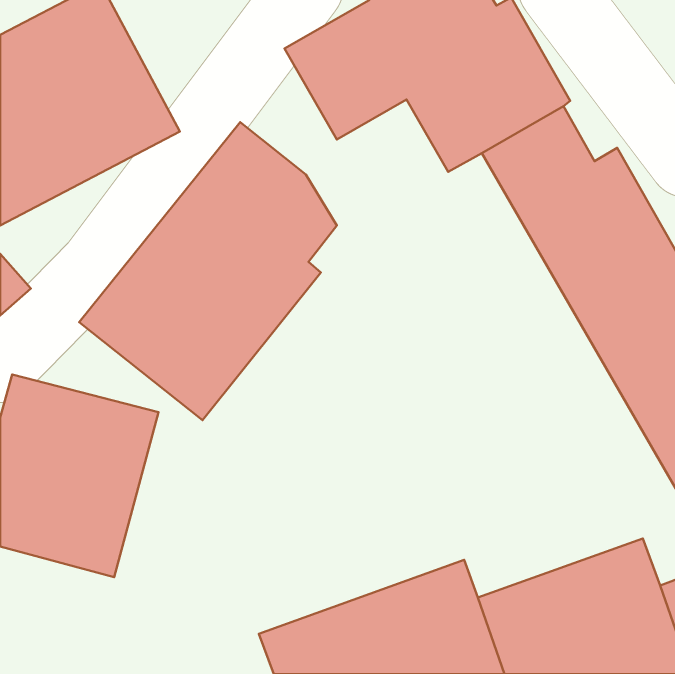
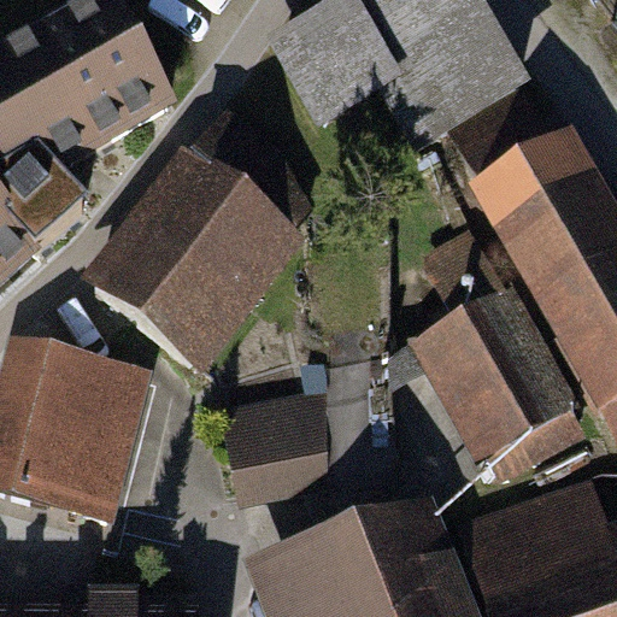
building: none -> [400,225,582,477]
building: none -> [223,358,329,500]

